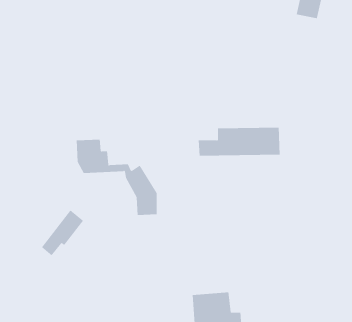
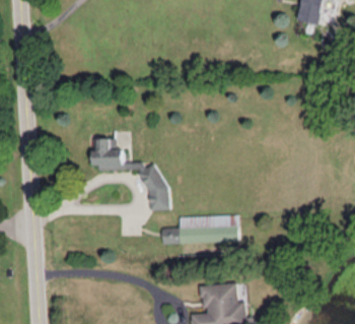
building: [198,127,280,156] -> [160,215,238,243]
building: [41,210,84,256] -> none

